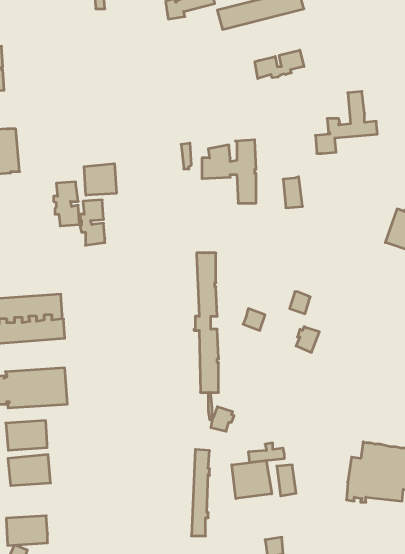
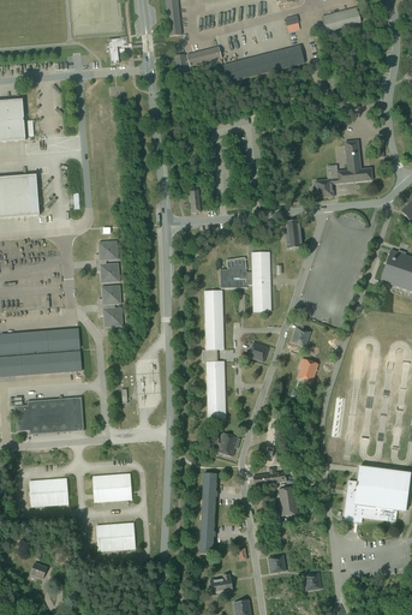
building: [255,50,304,79] -> none
building: [202,140,256,203] -> [220,251,270,310]
building: [84,164,116,195] -> none
building: [54,182,79,226] -> [98,285,123,326]
building: [6,421,47,450] -> [92,473,131,501]
building: [232,460,272,499] -> none
building: [6,516,48,545] -> [96,523,135,550]

